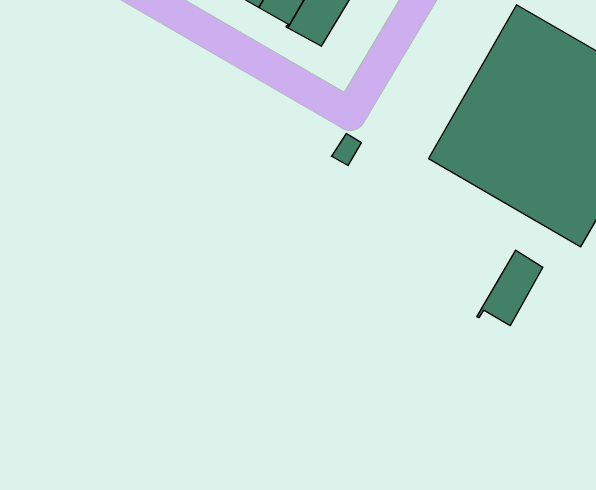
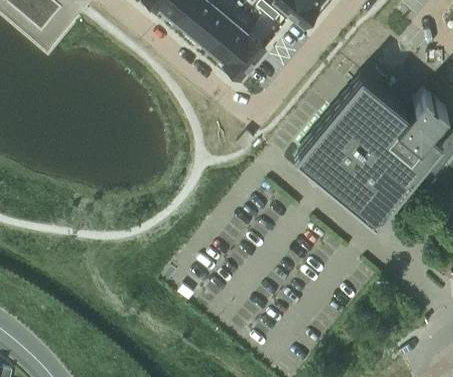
building: [477,250,543,326] -> none

